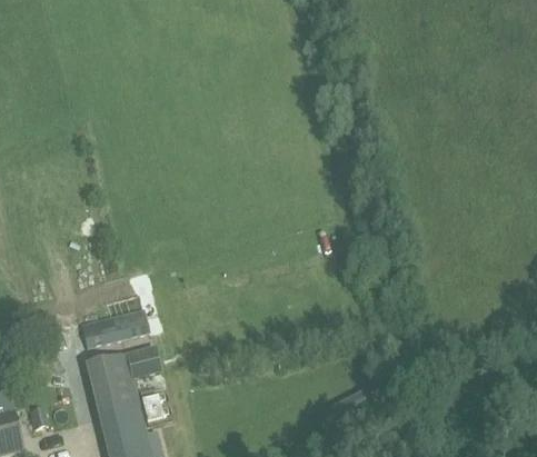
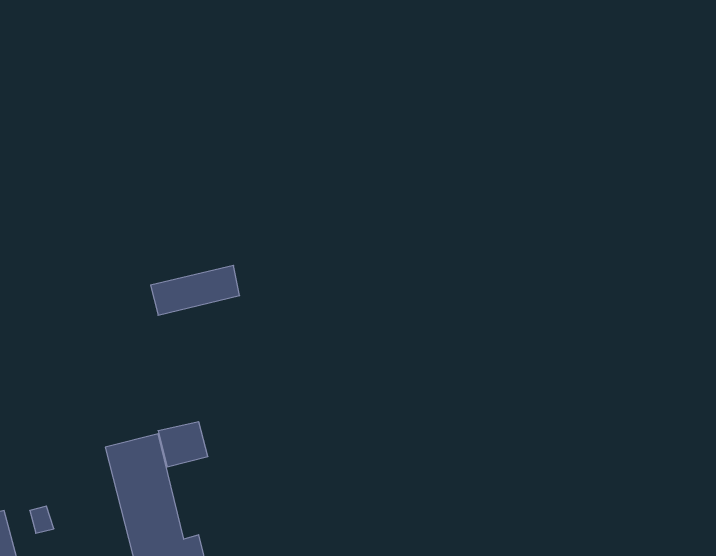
building: [82,309,148,346] -> [151,265,240,315]

